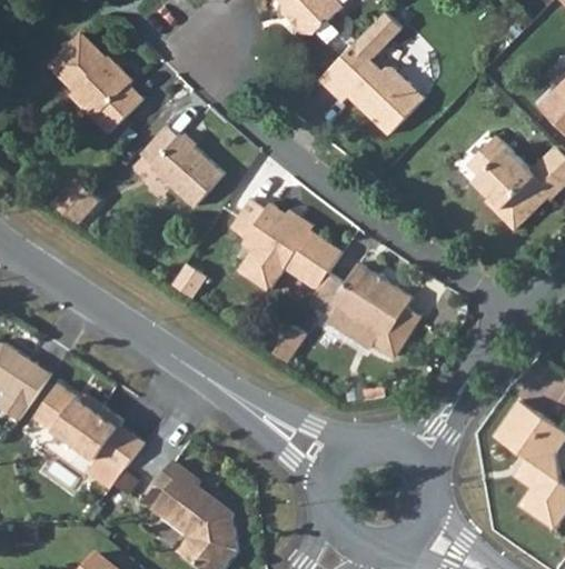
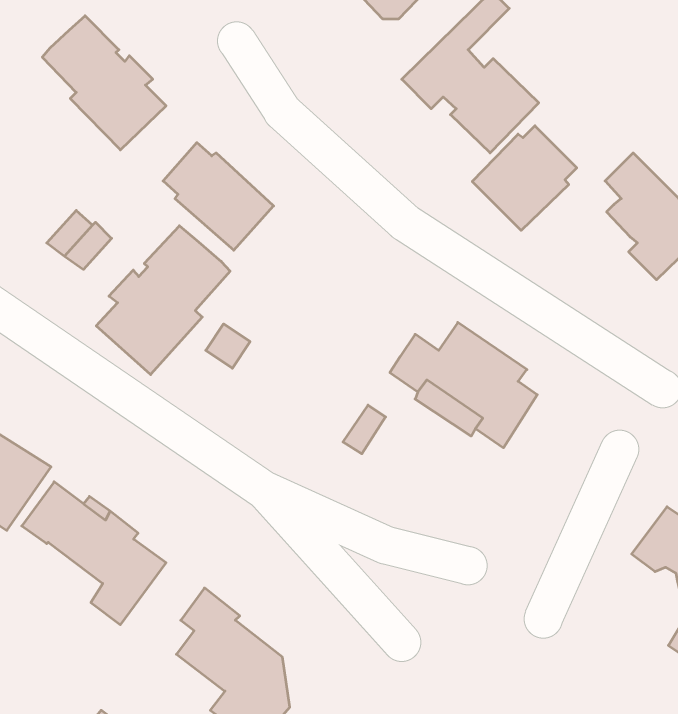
building: none -> [472,126,577,230]
building: none -> [96,226,230,375]
building: [229,197,344,290] -> none

